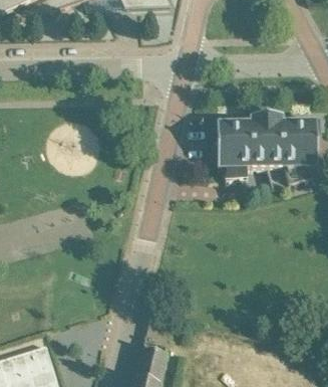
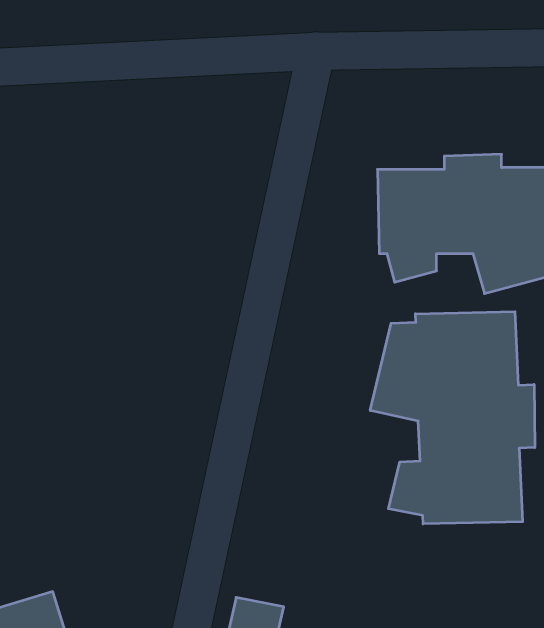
building: none -> [370,312,535,524]

